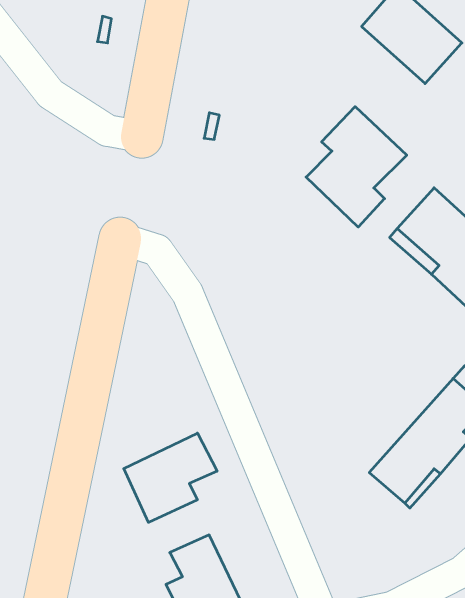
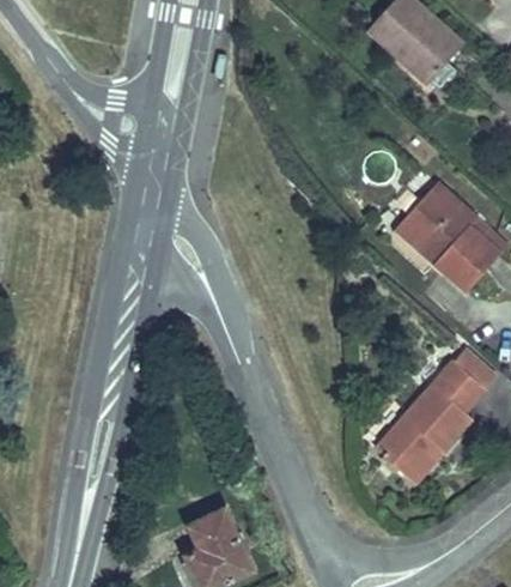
building: [306,107,407,227] -> none
building: [124,433,217,522] -> none

